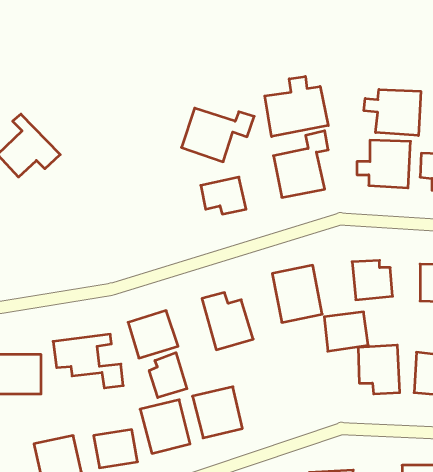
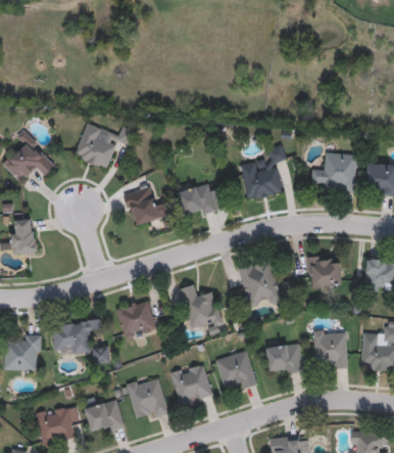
building: [265,76,328,137] -> none
building: [364,89,421,136] -> none
building: [181,108,254,162] -> [73,124,136,170]
building: none -> [121,184,162,228]
building: none -> [10,218,38,255]
building: [324,312,368,351] -> [265,343,303,376]
building: [149,353,187,398] -> none
building: none -> [215,351,257,391]

